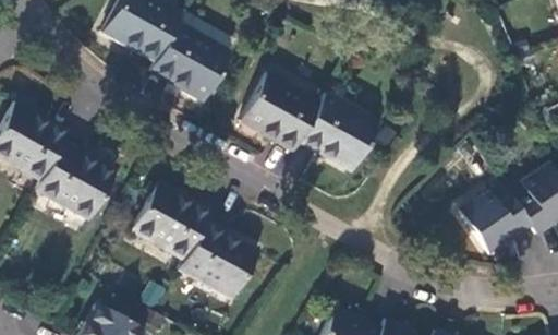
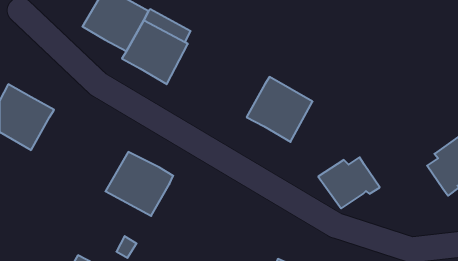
building: [240,74,319,151] -> none
building: [37,142,114,218] -> none
building: [458,191,531,252] -> [318,157,380,208]
building: [179,222,257,299] -> none

